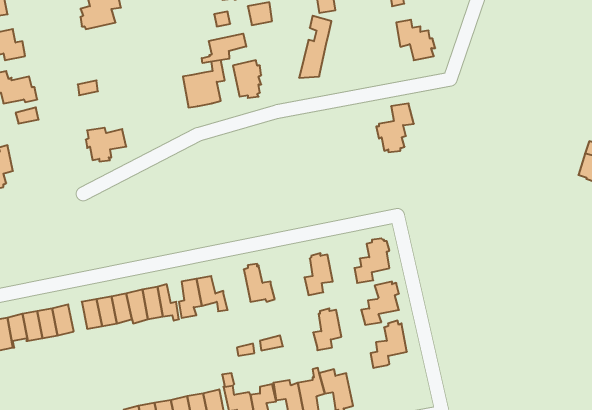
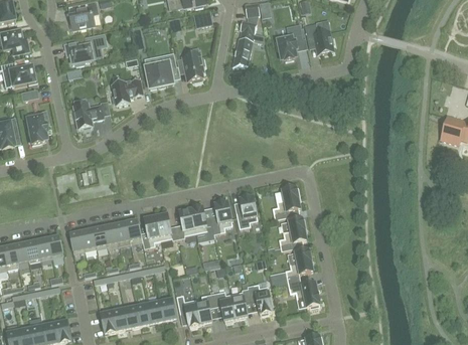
building: [202,34,246,63] -> none
building: none -> [64,33,104,64]
building: none -> [112,77,142,105]
building: [376,103,414,152] -> [275,23,303,59]
building: none -> [25,110,47,144]
building: none -> [175,207,195,238]
building: [313,308,341,350] -> [210,201,231,232]
building: none -> [287,279,319,307]

